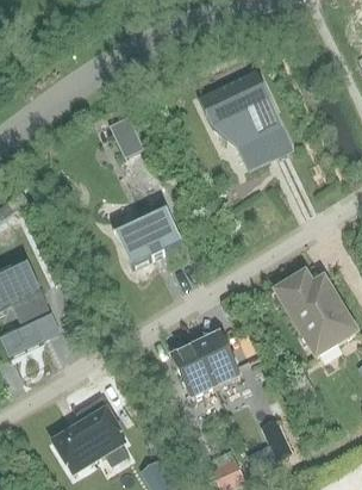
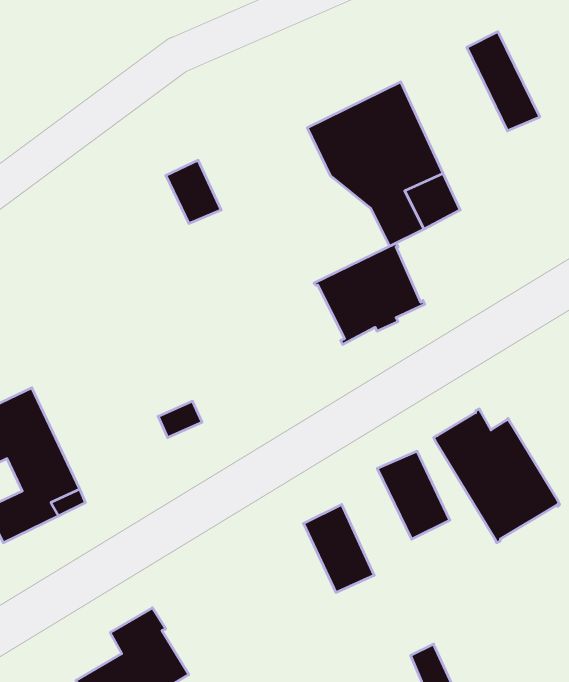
building: none -> [467,32,540,131]
building: [112,203,181,266] -> [314,243,425,344]
building: [170,345,216,399] -> [377,451,450,539]

